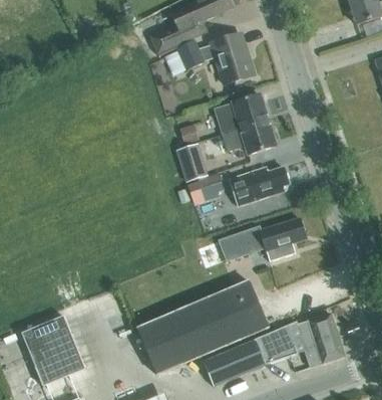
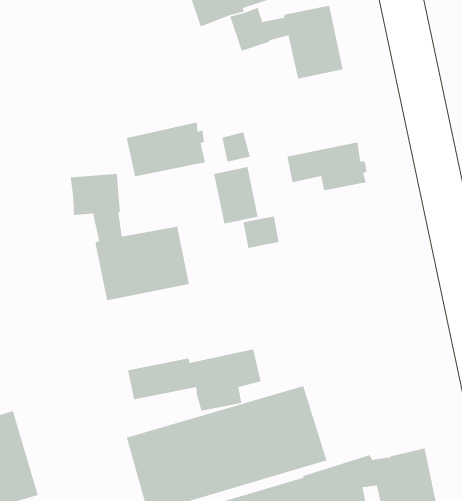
building: [215,93,268,134] -> [126,121,206,177]
building: none -> [70,173,190,301]
building: [230,167,290,206] -> none
building: [220,217,307,261] -> [127,348,261,412]

